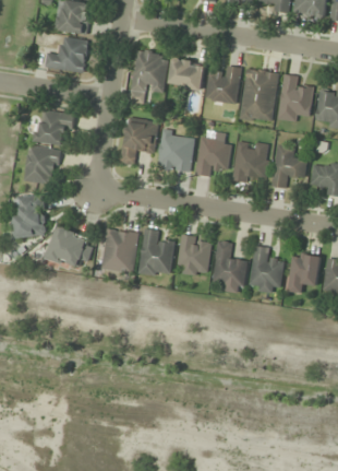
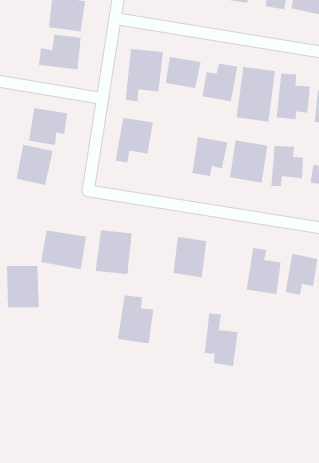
building: [157,130,194,172] -> none
building: [12,195,45,236] -> [6,266,39,308]
building: [137,228,173,276] -> [117,295,154,344]
building: [213,240,246,293] -> [204,313,238,366]

